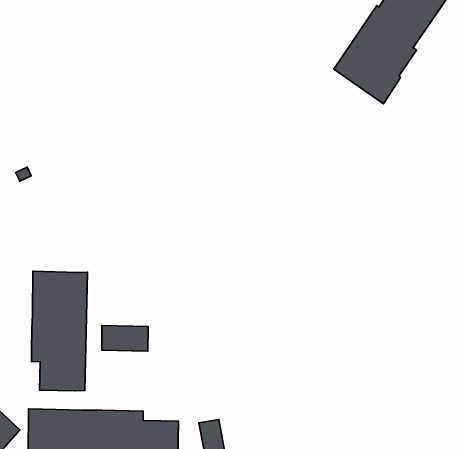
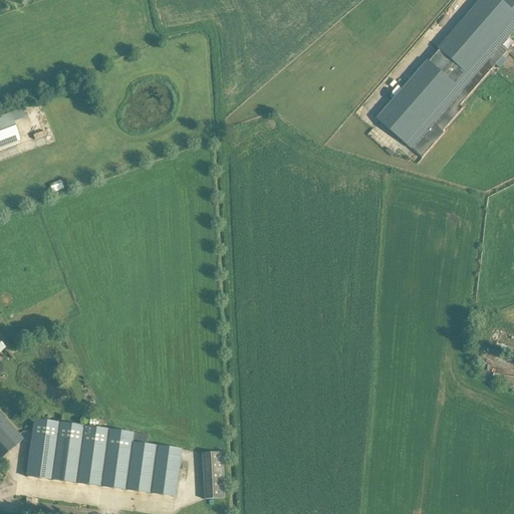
building: [31,271,88,391] -> none
building: [102,326,148,351] -> none

